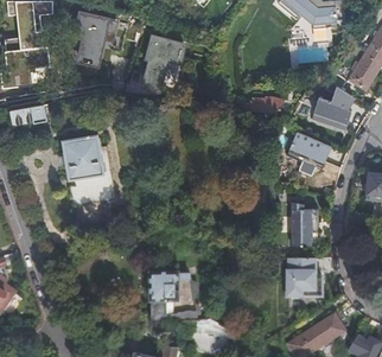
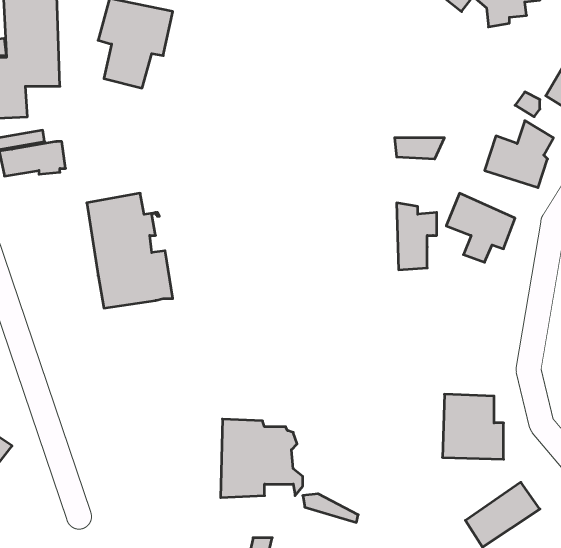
building: [139,37,185,95] -> none
building: [291,204,316,246] -> [397,203,437,270]

